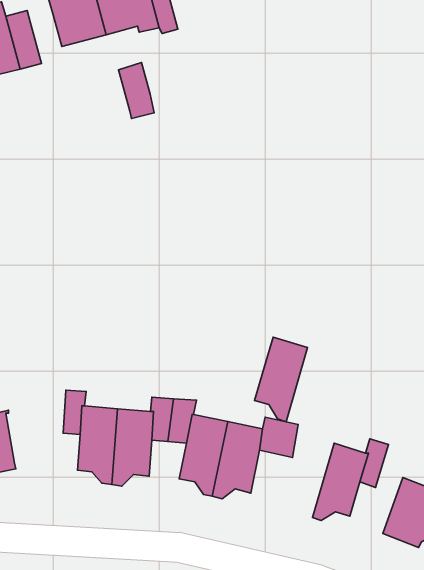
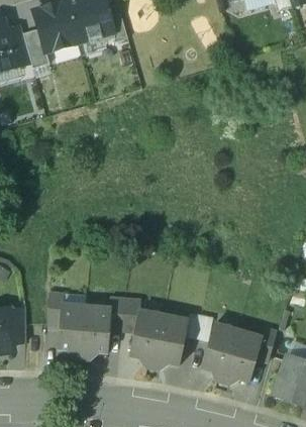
building: [118,63,154,118] -> [23,28,48,68]
building: [254,337,308,422] -> [200,323,237,383]
building: none -> [6,306,25,344]

